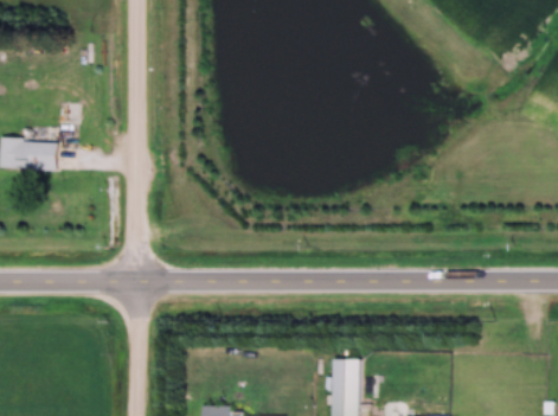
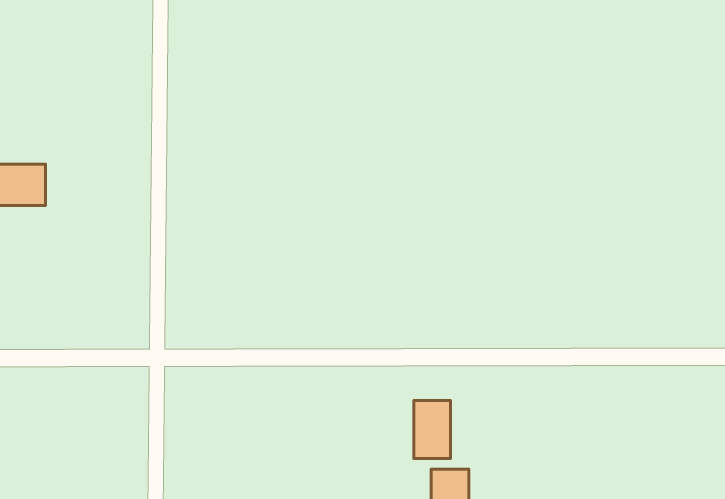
building: none -> [414,401,451,458]

